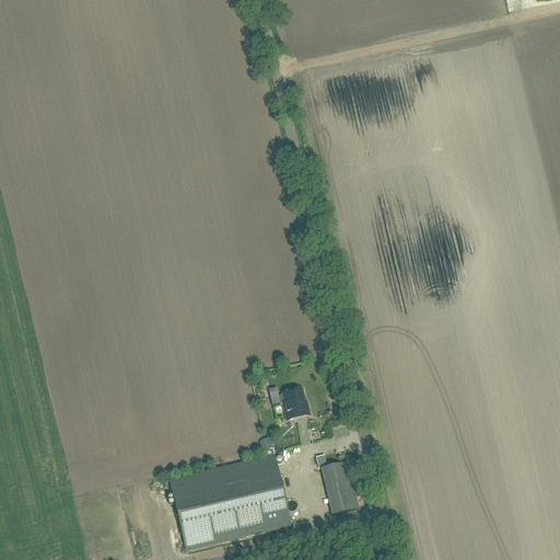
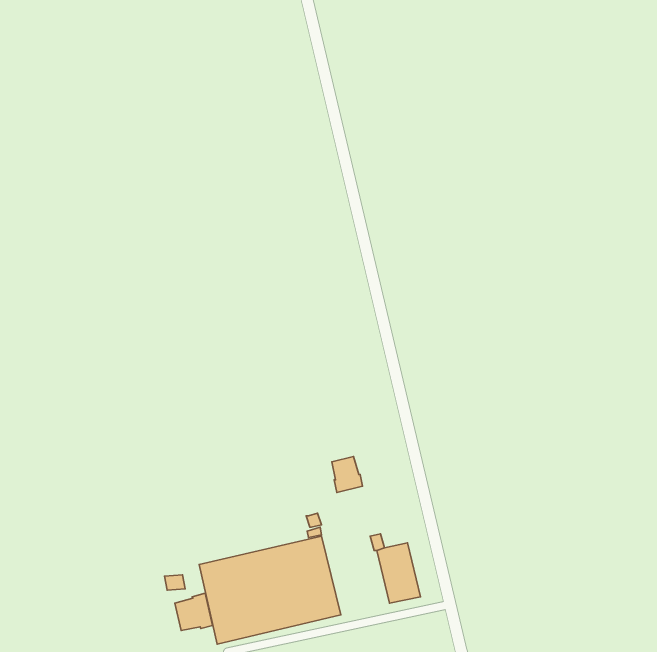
building: none -> [175,593,213,630]

